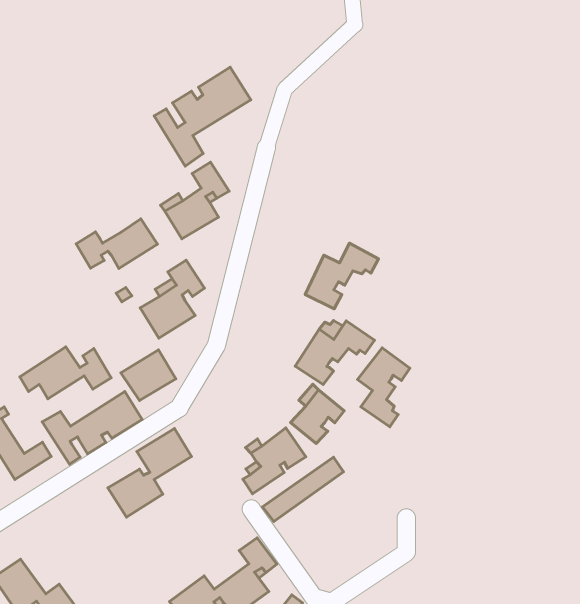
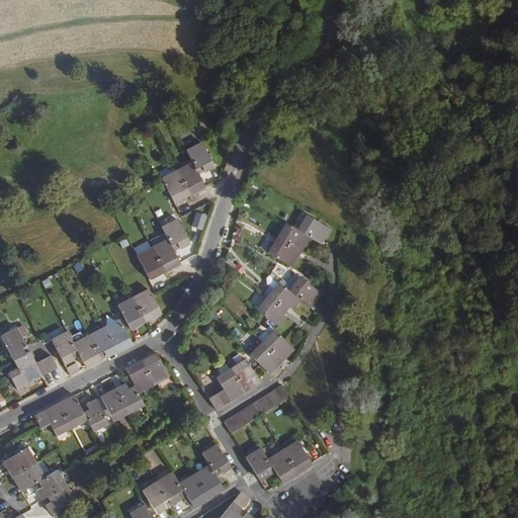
building: [154,67,251,166] -> none
building: [76,219,157,268] -> none
building: [20,347,111,399] -> [34,395,107,435]
building: [358,348,410,427] -> none
building: none -> [245,438,311,482]

